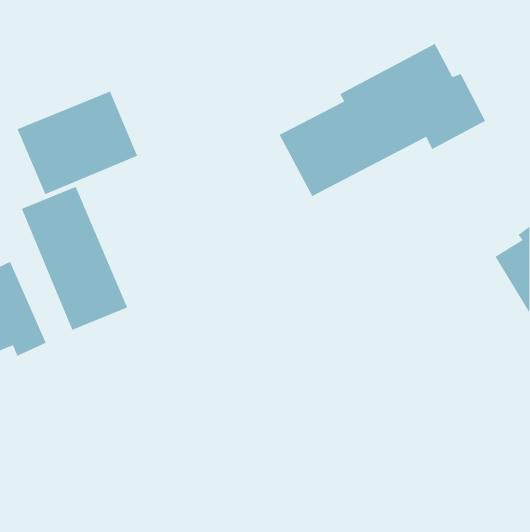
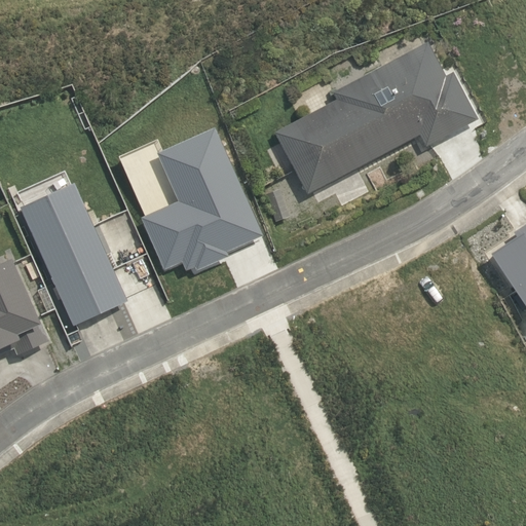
building: [17,91,138,195] -> none
building: none -> [145,125,264,271]

